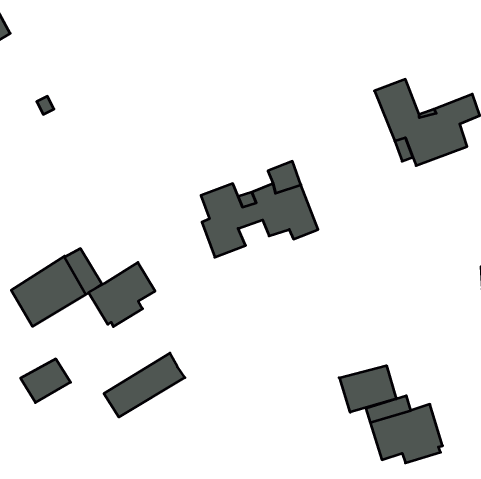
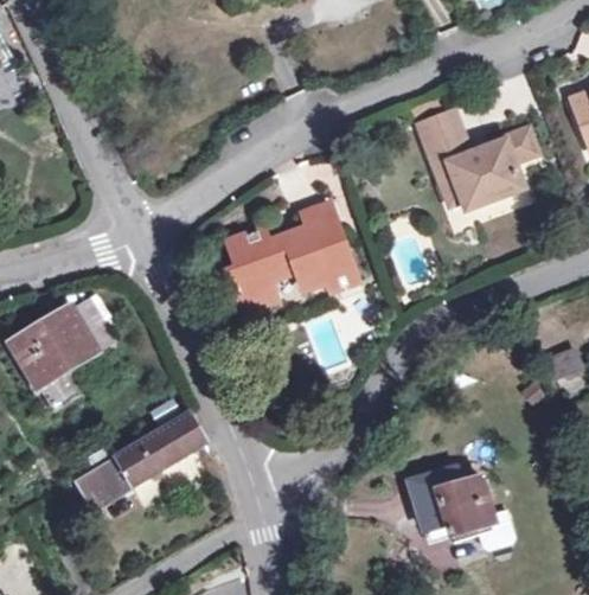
building: [89,262,155,327] -> none
building: [21,359,71,403] -> [77,460,133,508]
building: [339,366,396,412] -> none

